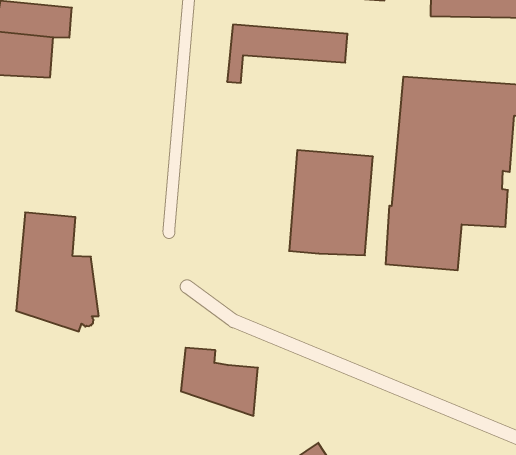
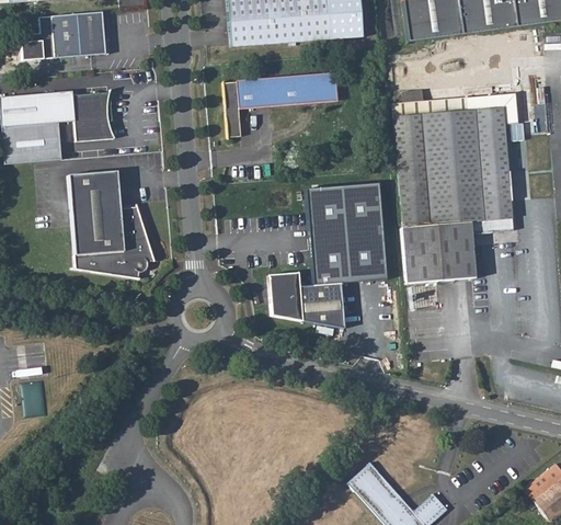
building: none -> [72,90,115,139]
building: [16,212,99,331] -> [67,169,152,276]
building: [181,348,258,416] -> [272,274,346,330]

